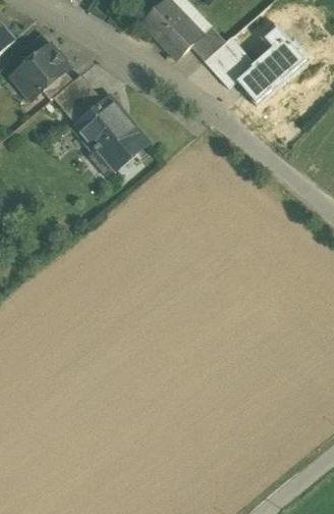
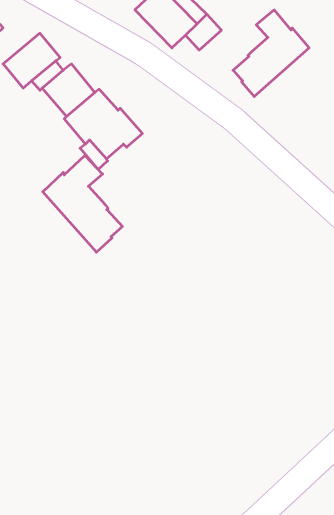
building: [203,36,253,88] -> none
building: none -> [43,156,122,252]

